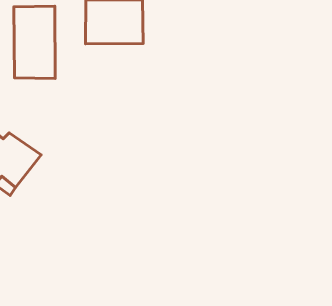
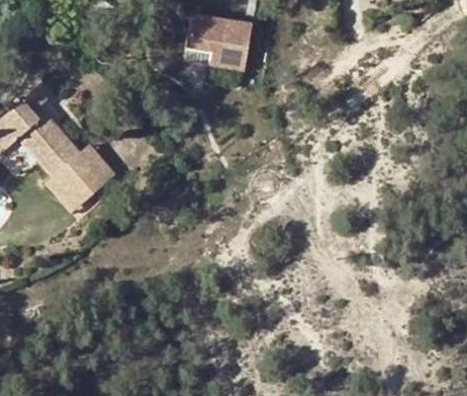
building: [14,6,55,78] -> none

